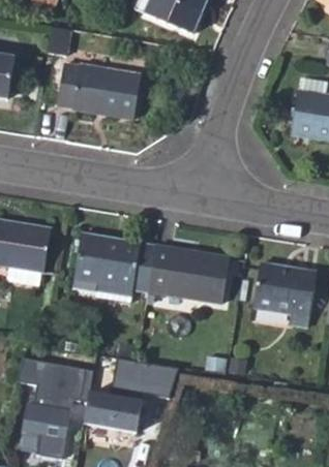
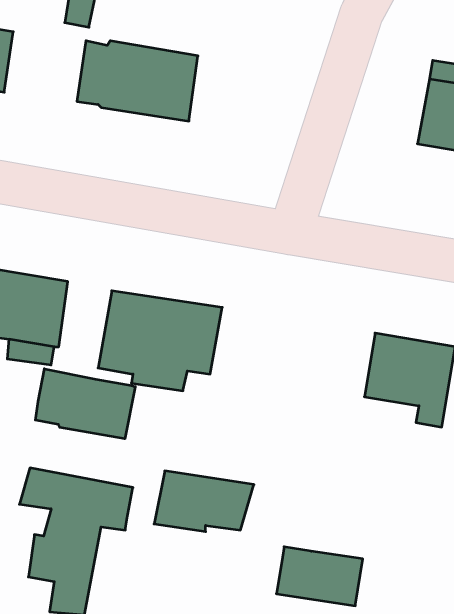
building: [148,246,231,304] -> none
building: none -> [35,369,135,439]
building: [86,391,145,431] -> [276,547,363,606]

